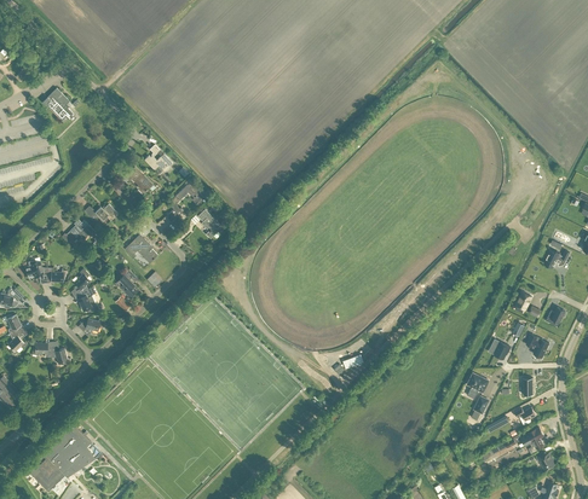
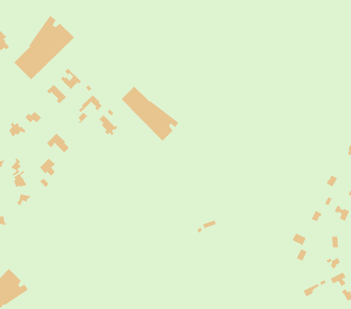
building: none -> [13,15,75,80]
building: none -> [121,86,179,141]

